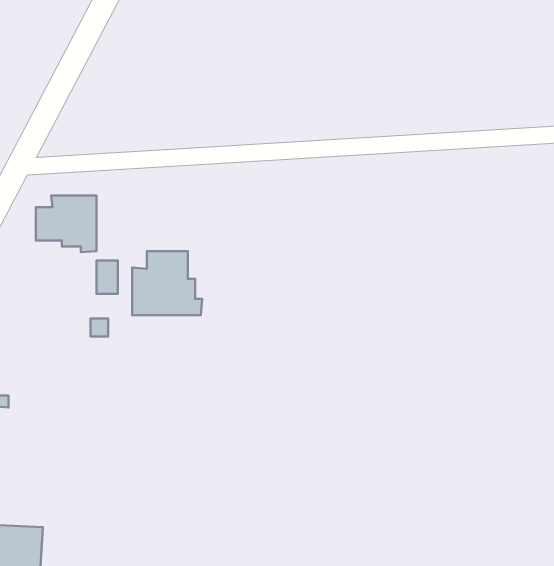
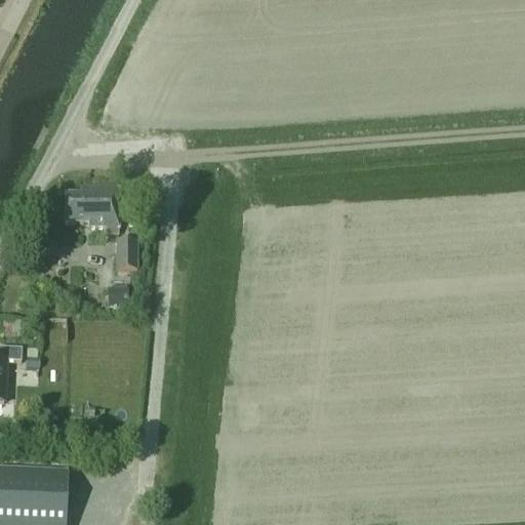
building: [132,251,202,315] -> none

